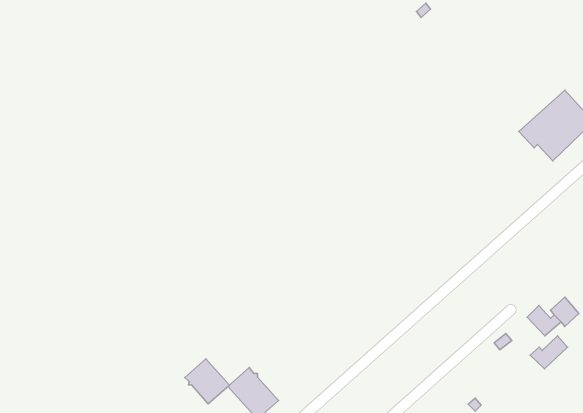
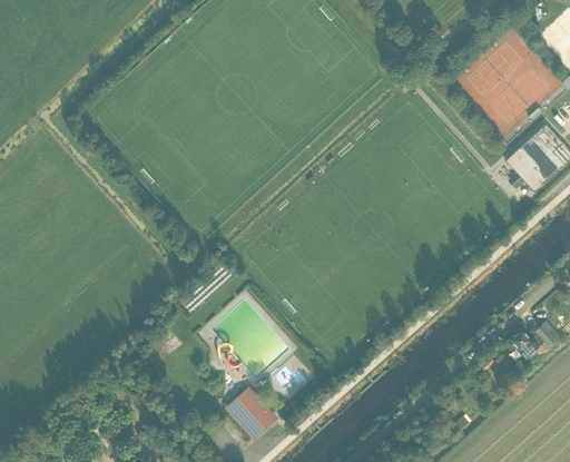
building: [530,336,568,369] -> none
building: [185,359,229,404] -> none

